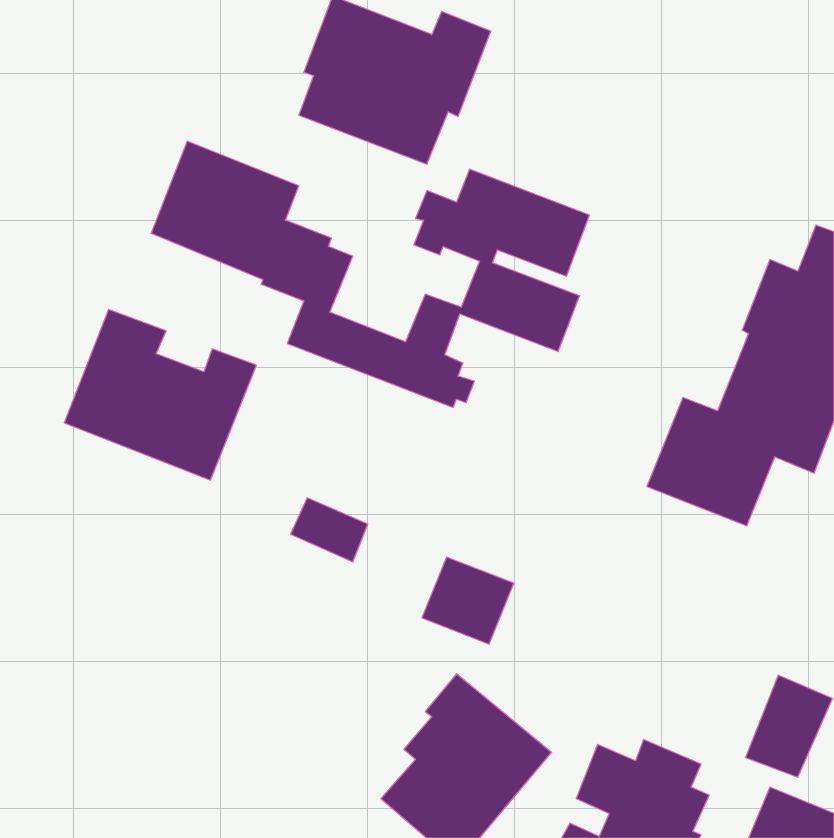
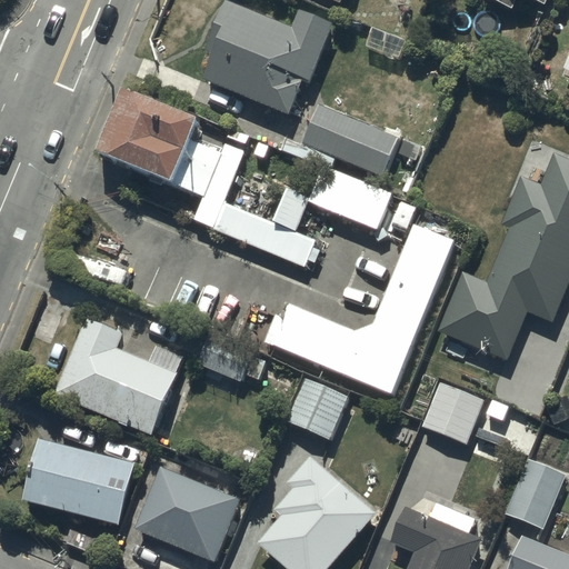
building: [64,309,256,480] -> [53,317,183,432]
building: none -> [271,228,456,397]
building: none -> [421,382,480,441]
building: none -> [21,436,134,521]
building: none -> [134,465,239,559]

